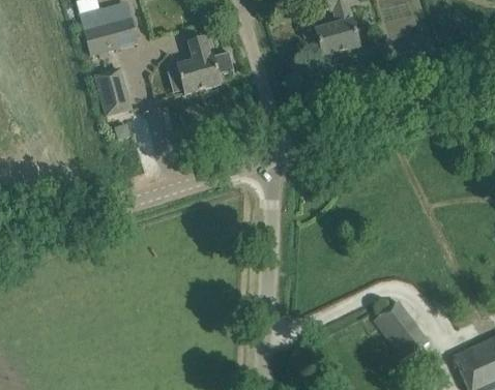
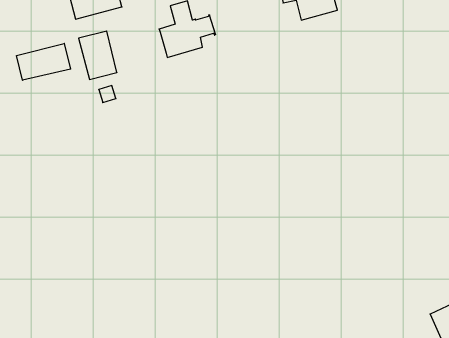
building: none -> [17,43,71,80]
building: [373,300,429,360] -> none

